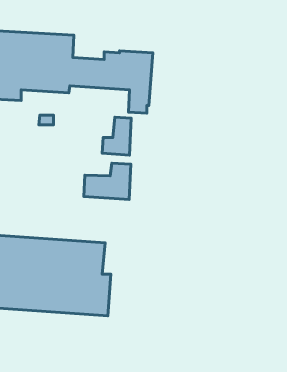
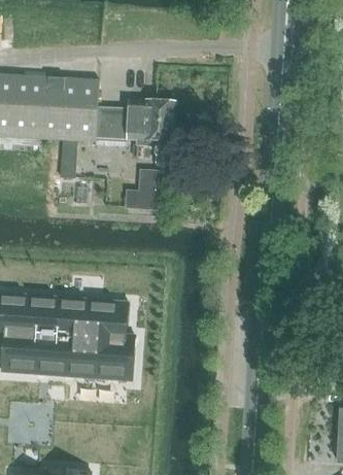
building: [84,163,131,200] -> none

